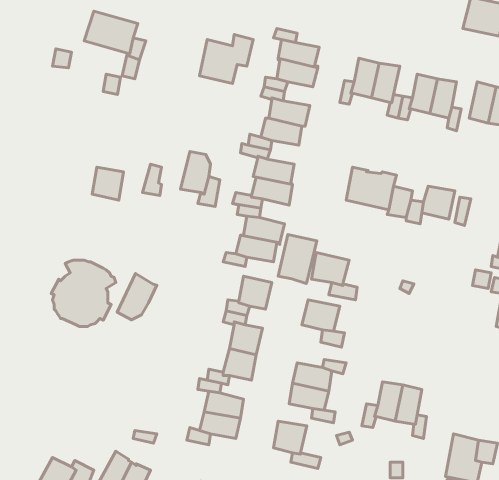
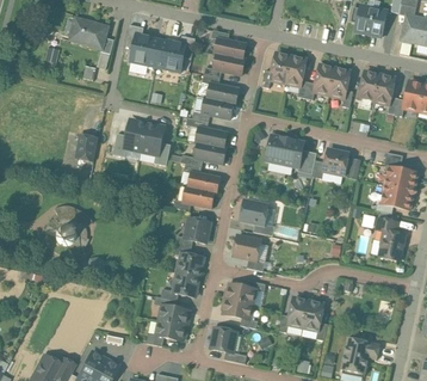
building: none -> [125,24,161,66]
building: none -> [124,121,148,152]
building: [278,235,317,283] -> none
building: [117,274,157,320] -> none

